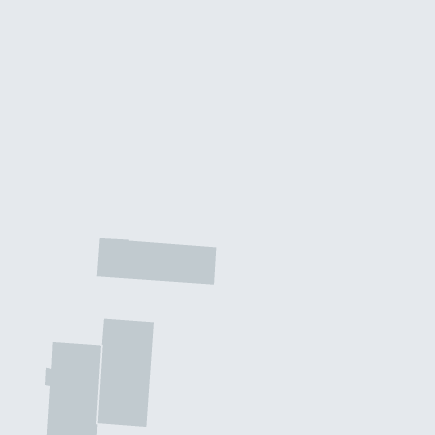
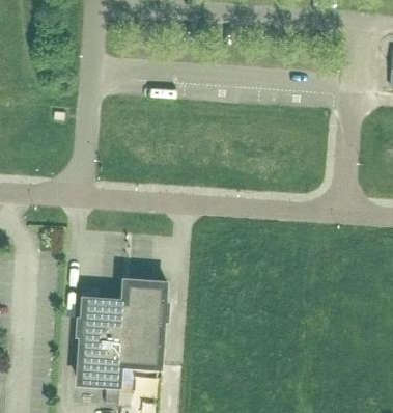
building: [96,237,217,286] -> none

